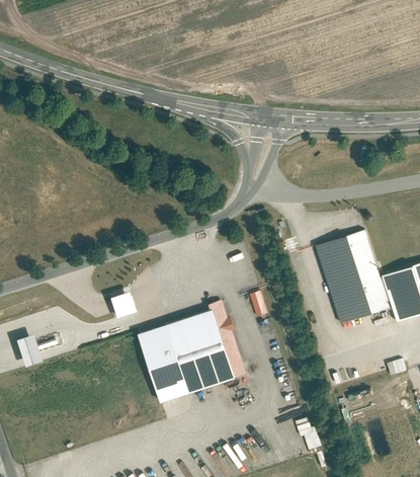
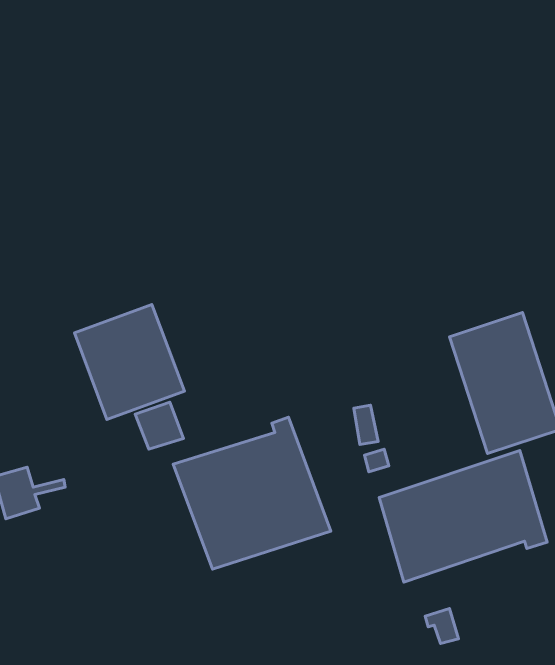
building: none -> [74,304,184,420]
building: none -> [379,450,547,582]

